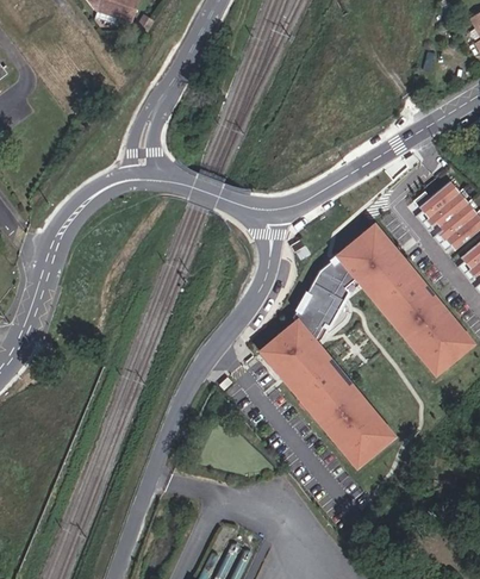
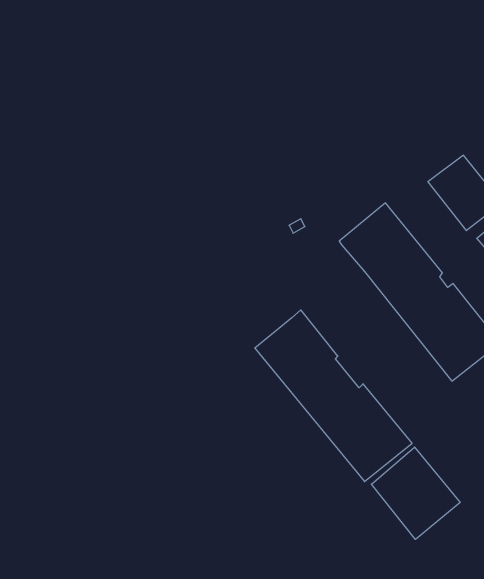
building: [292,260,357,341] -> none
building: none -> [371,447,460,539]

